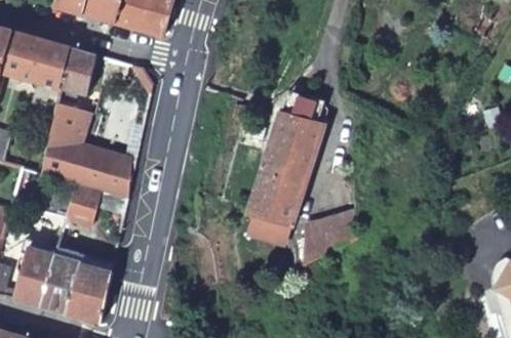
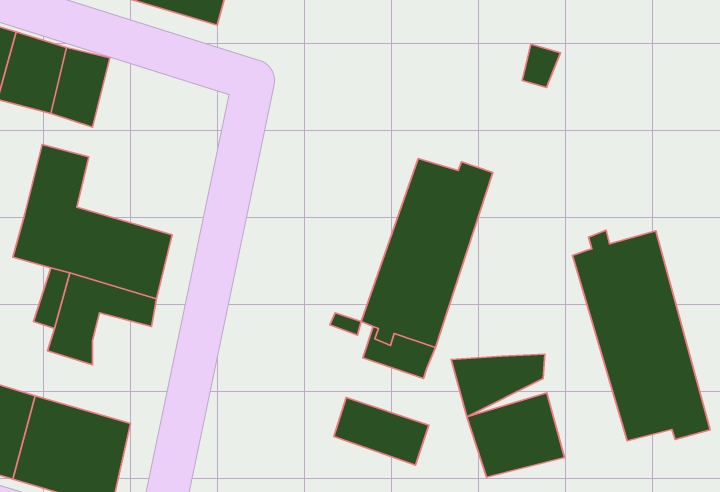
building: none -> [572,230,710,441]
building: none -> [467,393,564,477]
building: none -> [334,398,429,465]

